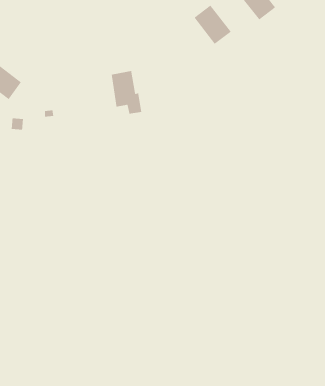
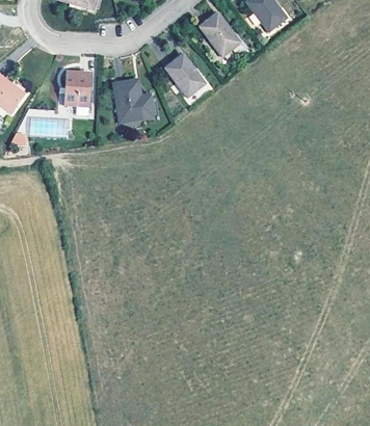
building: none -> [165,54,205,97]
building: none -> [64,71,91,106]

